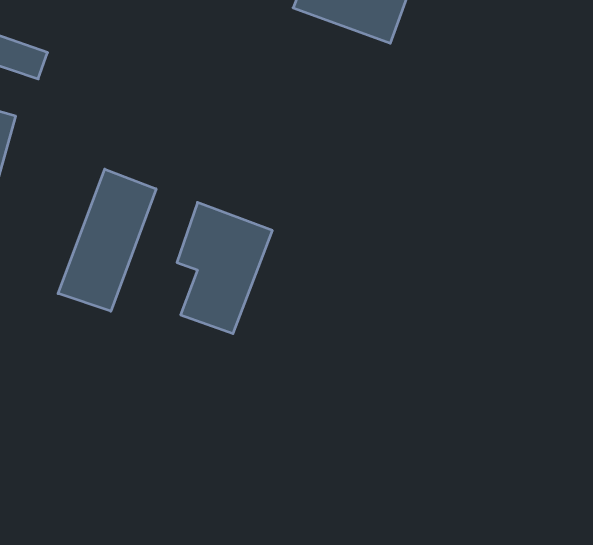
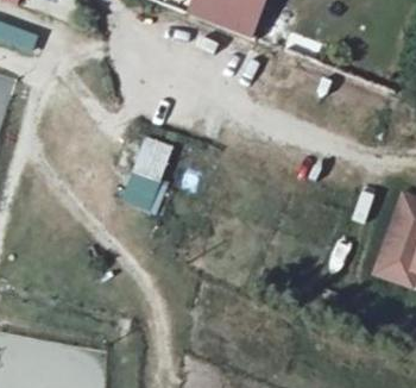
building: [58,169,156,311] -> none

